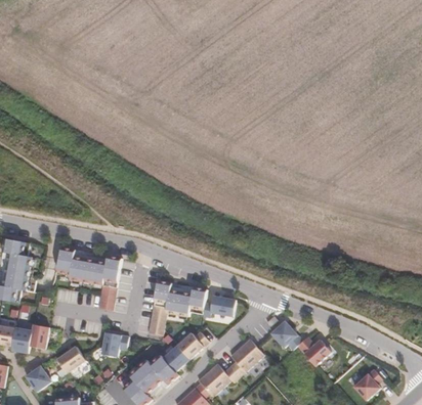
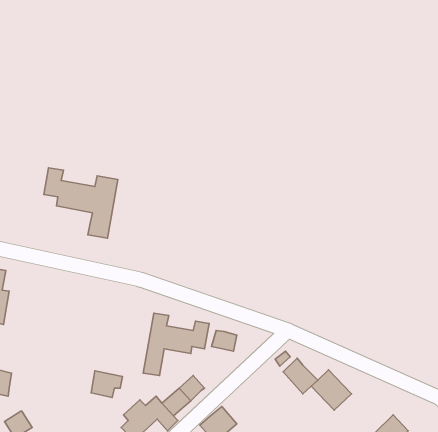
building: [57,248,123,310] -> [44,168,118,238]
building: [29,323,50,349] -> none
building: [229,339,260,368] -> none
building: [55,346,85,373] -> none

